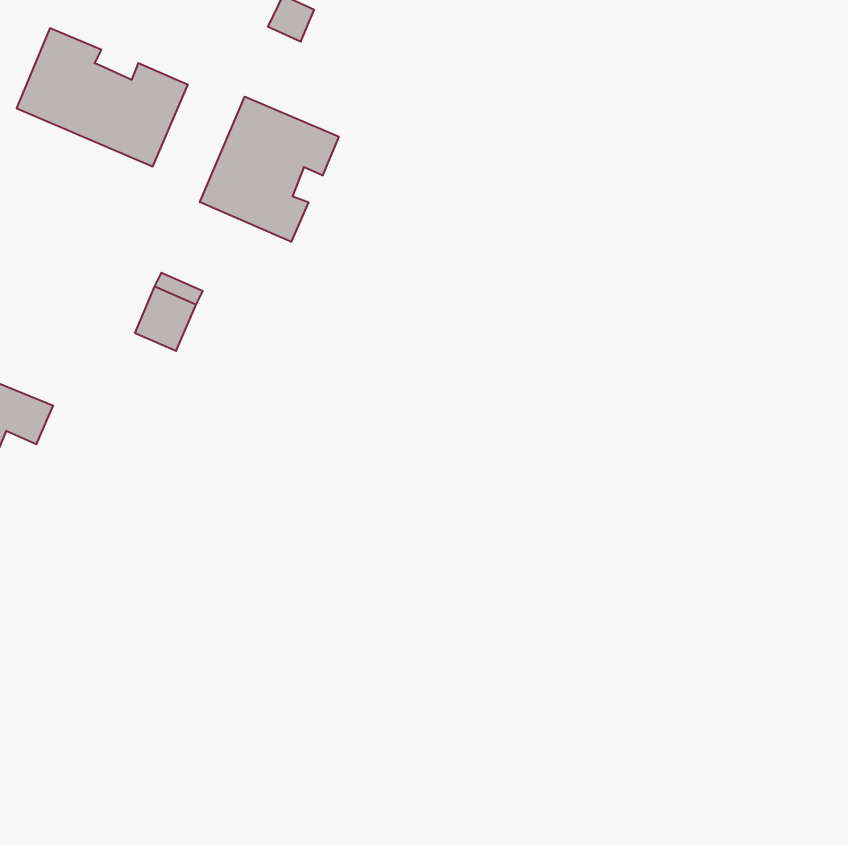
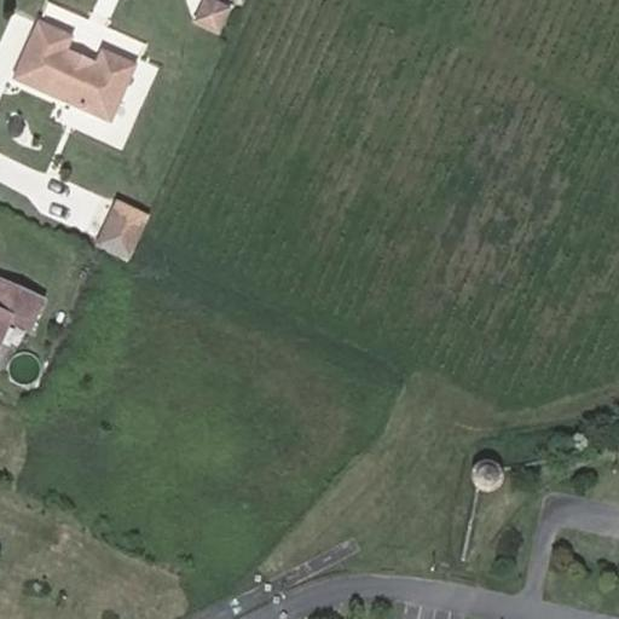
building: [200,97,339,242] -> none

